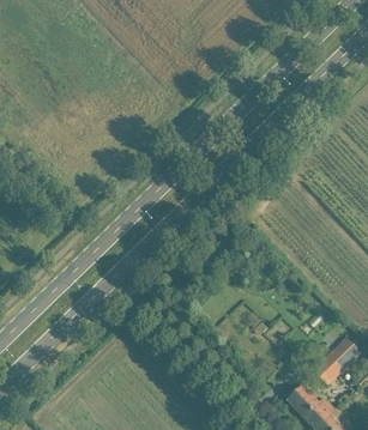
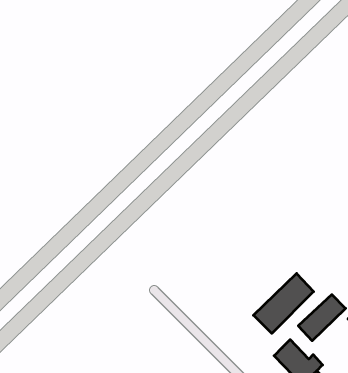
building: none -> [253,273,314,333]

